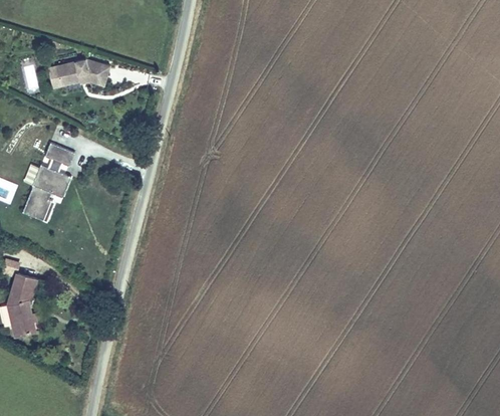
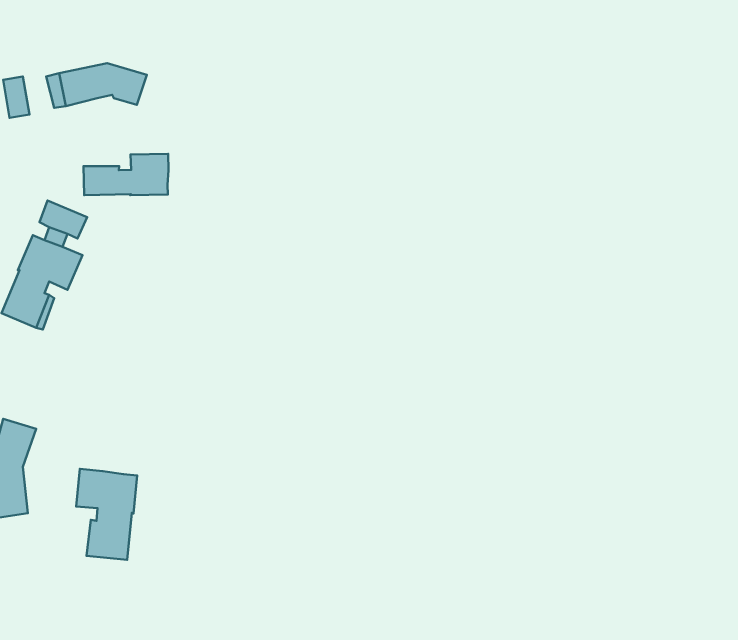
building: none -> [84,154,168,195]
building: none -> [76,469,137,560]

